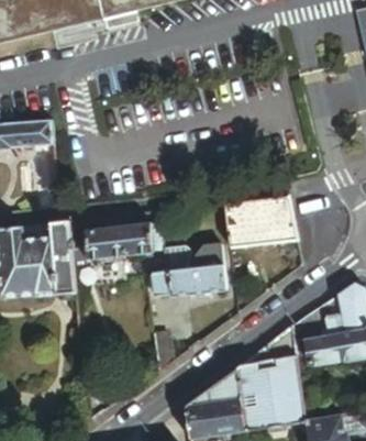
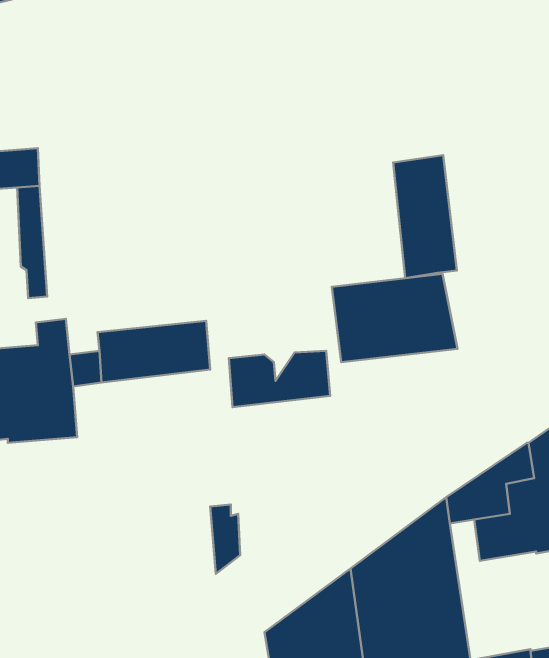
building: none -> [393,155,457,278]
building: [154,267,224,297] -> none

